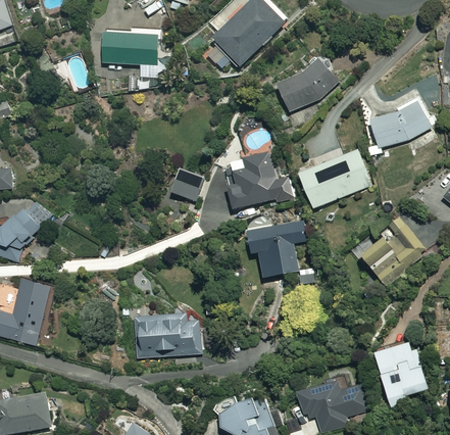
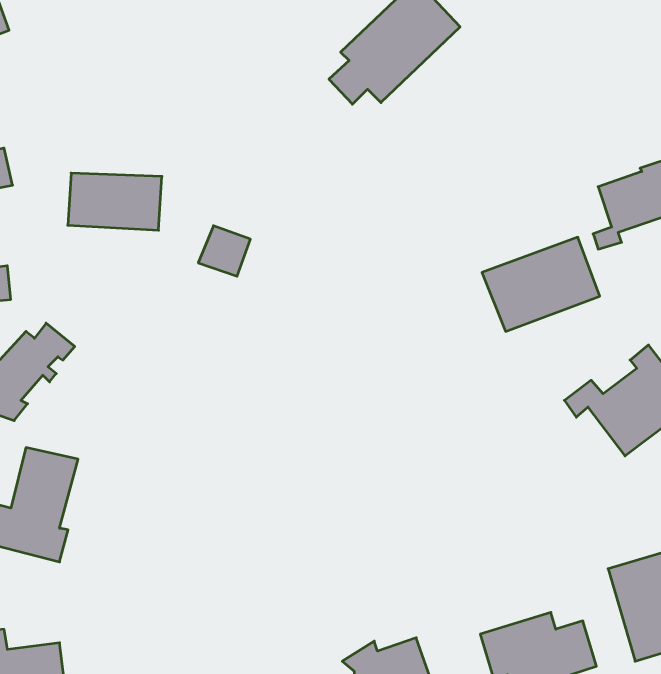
building: [102,31,159,65] -> [68,173,162,230]
building: [277,60,338,112] -> none
building: [227,151,281,209] -> none
building: [171,170,203,200] -> [198,226,250,276]
building: [247,221,306,277] -> none
building: [139,312,202,358] -> none

